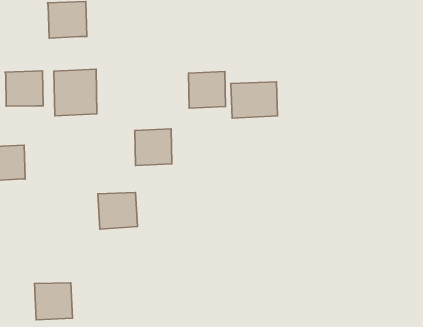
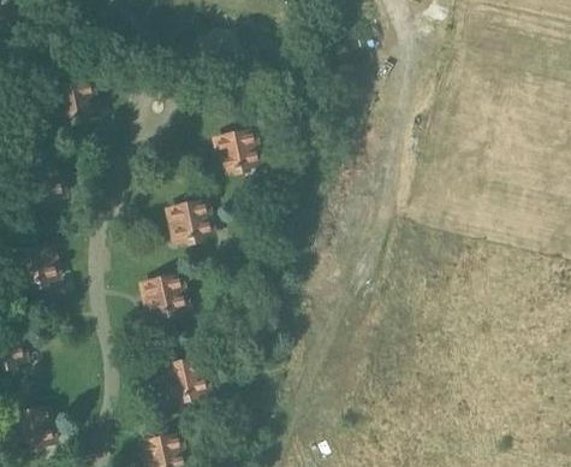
building: [54,69,97,116] -> none
building: [231,82,278,118] -> none
building: [35,283,73,320] -> [162,355,209,401]

